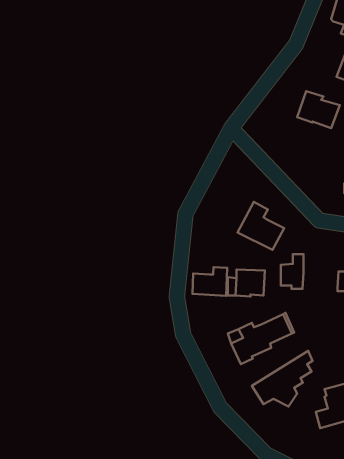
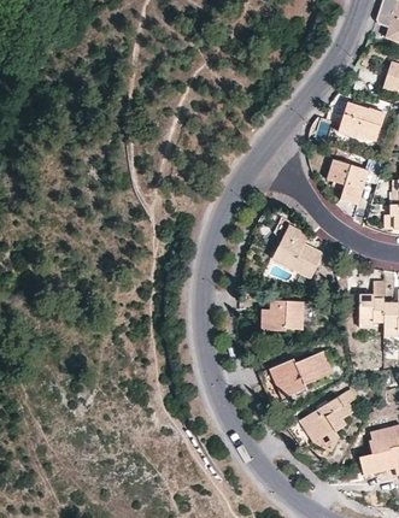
building: none -> [328,159,370,205]
building: [281,254,304,289] -> [359,282,385,320]
building: [192,267,227,296] -> none

